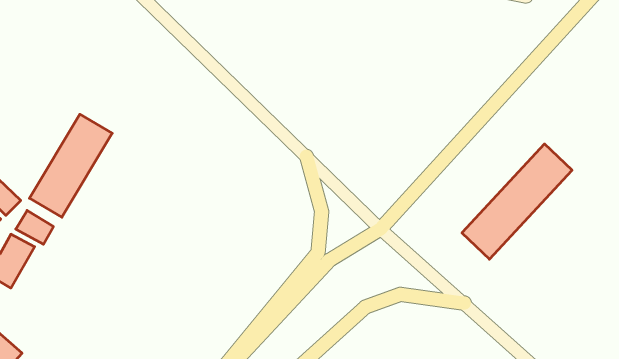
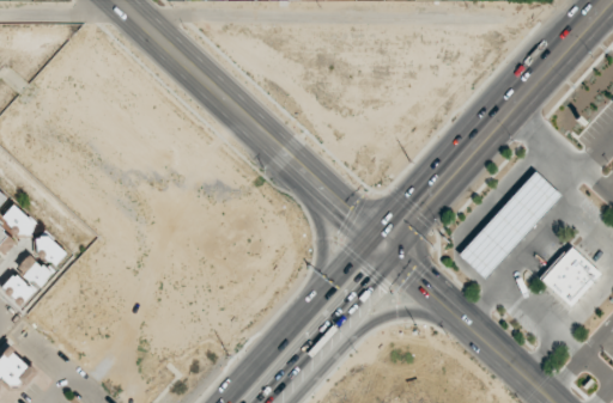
building: [29,114,112,217] -> none
building: none -> [536,244,600,307]

